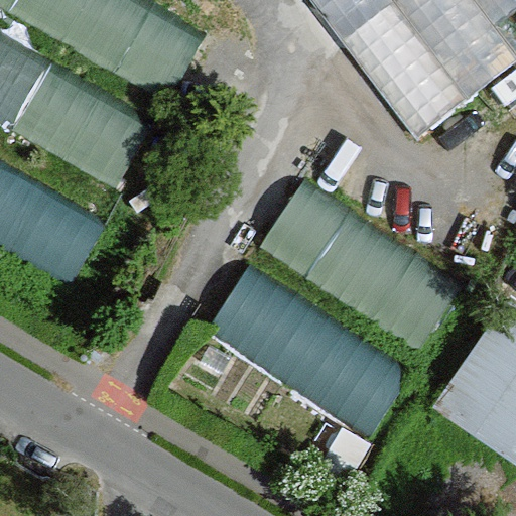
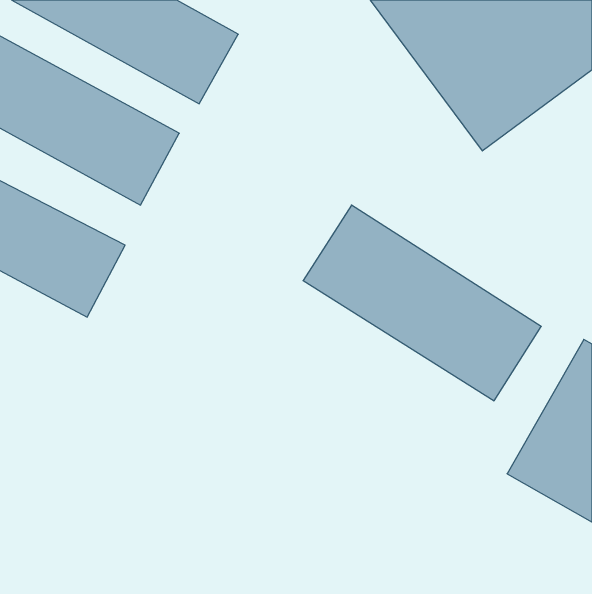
building: [206,270,409,436] -> none

